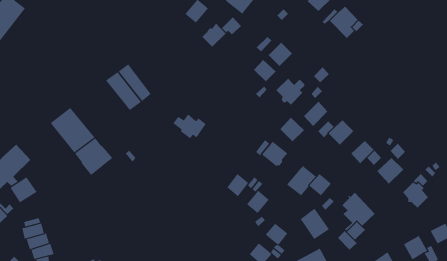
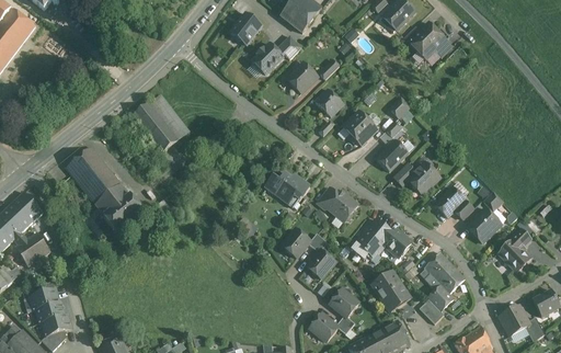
building: [268,42,293,67] -> [287,61,318,92]
building: [173,113,207,139] -> [266,171,308,203]
building: [279,117,305,142] -> none

